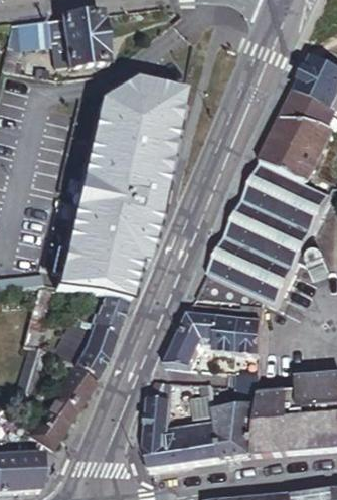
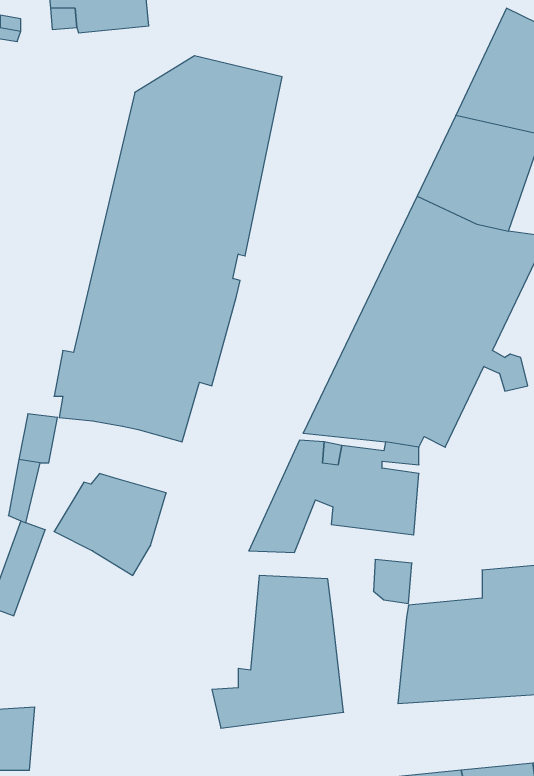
building: [90,294,127,332] -> none
building: [30,365,99,448] -> none
building: [144,378,171,445] -> none
building: [213,403,256,458] -> none

